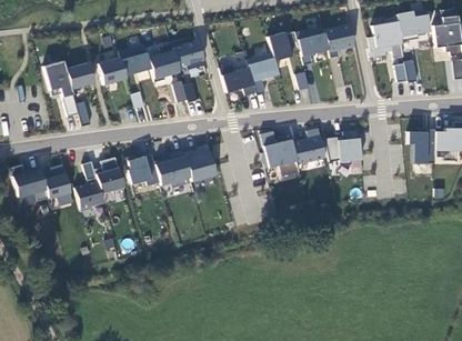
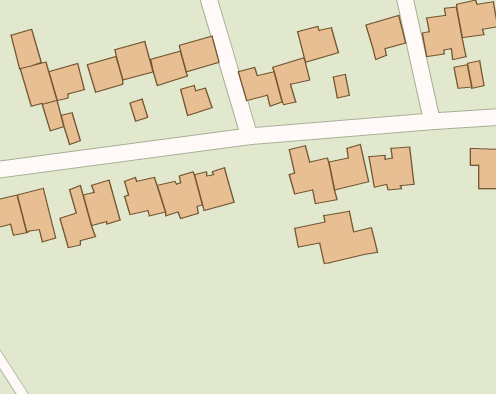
building: [295,24,329,64] -> none
building: none -> [11,29,41,69]
building: none -> [295,211,378,264]

